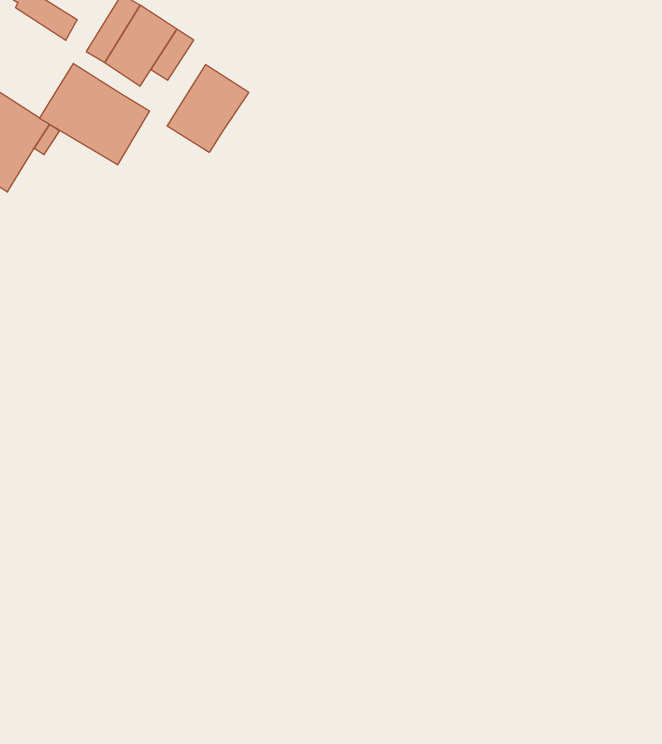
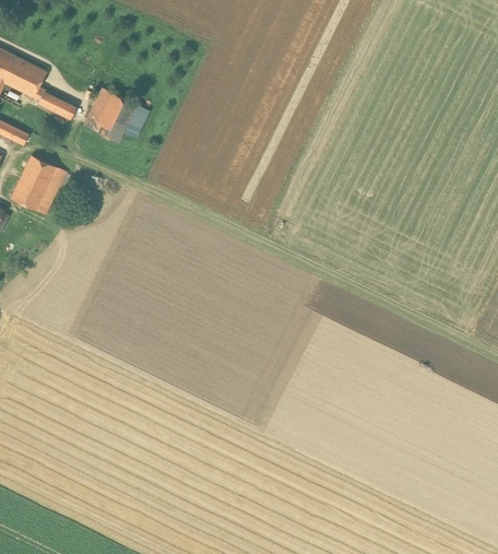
building: [40,63,150,165] -> none
building: [167,65,249,152] -> none

